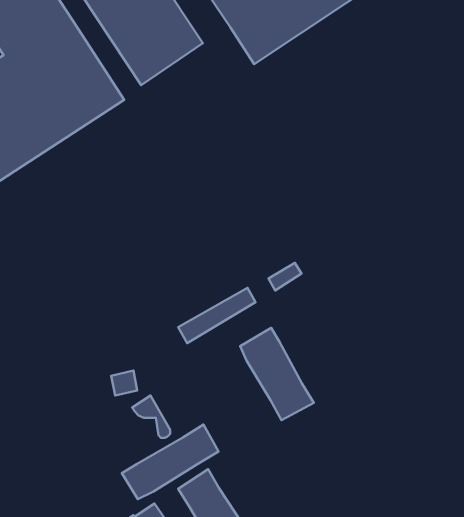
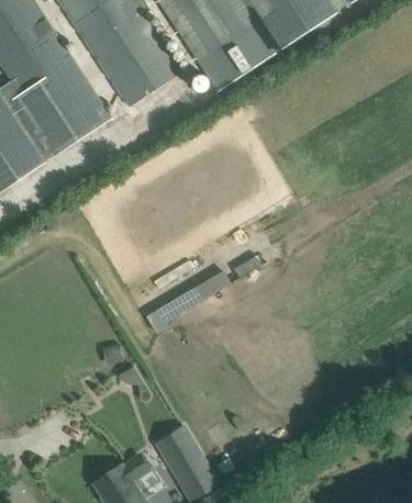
building: [240,328,314,420] -> none
building: [122,424,219,499] -> none

